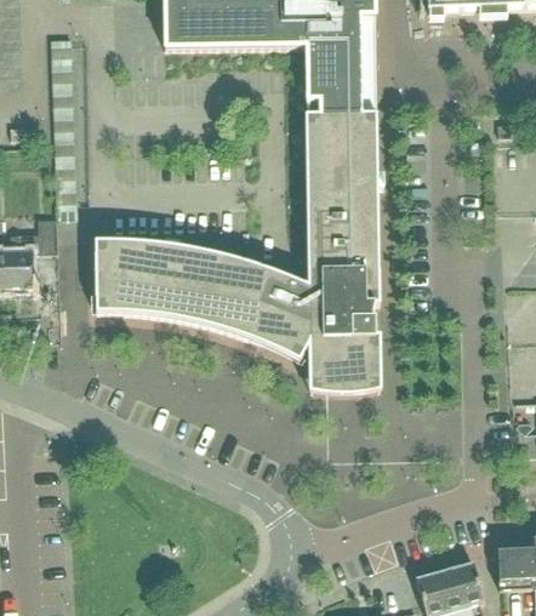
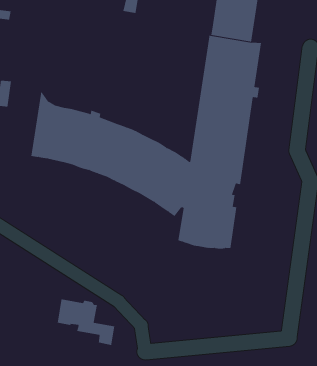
building: none -> [57,299,115,346]

